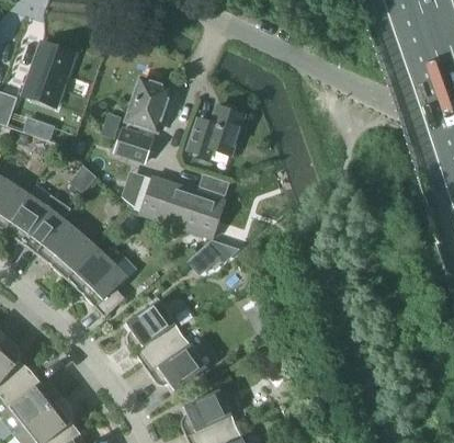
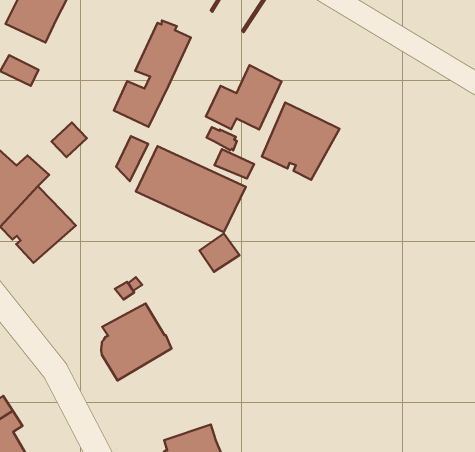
building: none -> [262,103,339,180]
building: [65,245,125,316] -> none
building: [140,332,204,389] -> none

